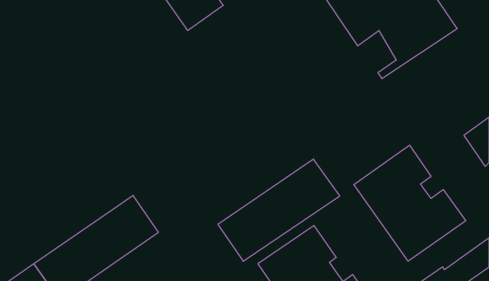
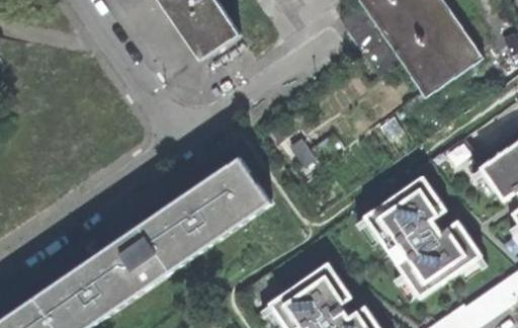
building: [218,159,340,261] -> [141,161,268,268]

